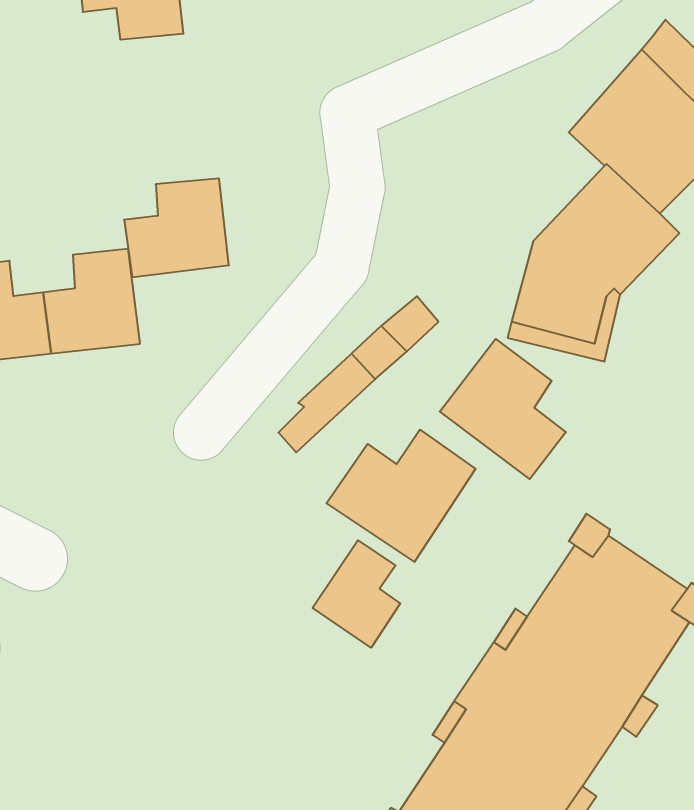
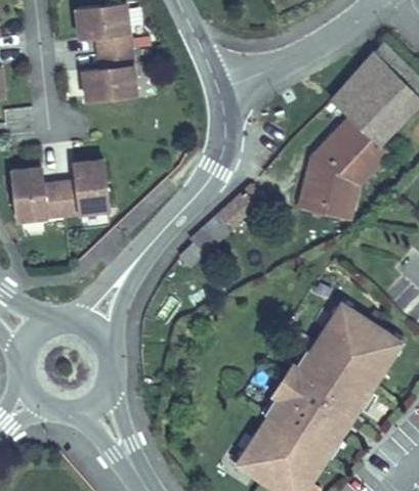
building: [124,178,229,277] -> [82,50,136,101]
building: [440,339,566,479] -> none
building: [327,430,476,562] -> none
building: [313,540,400,648] -> none

